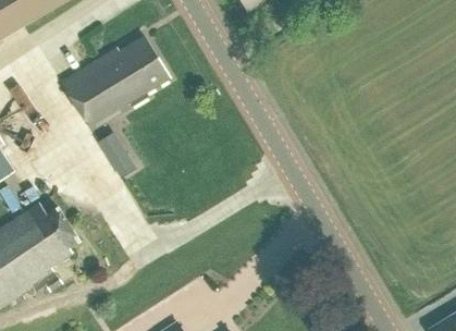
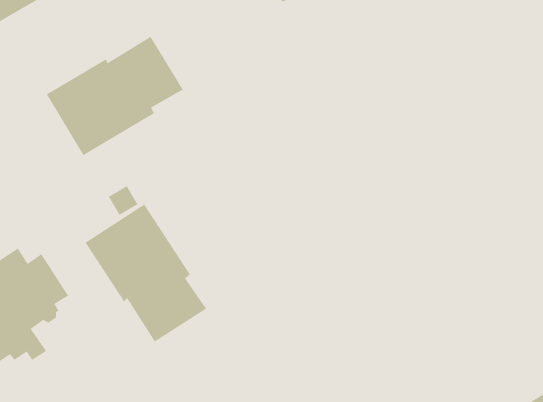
building: none -> [84,203,207,342]

